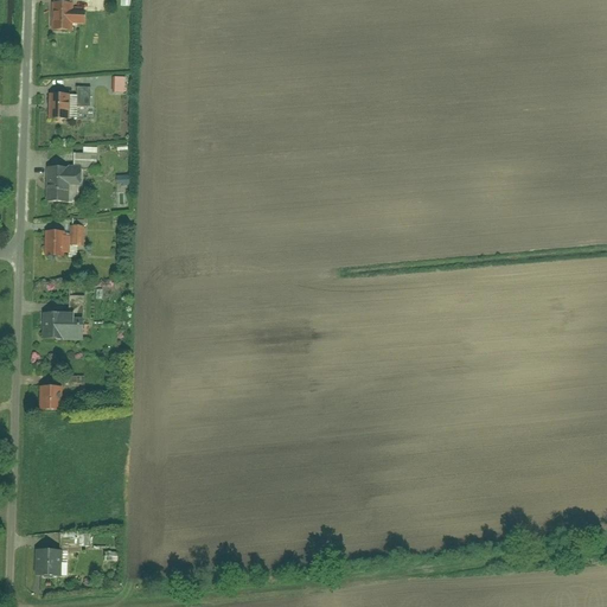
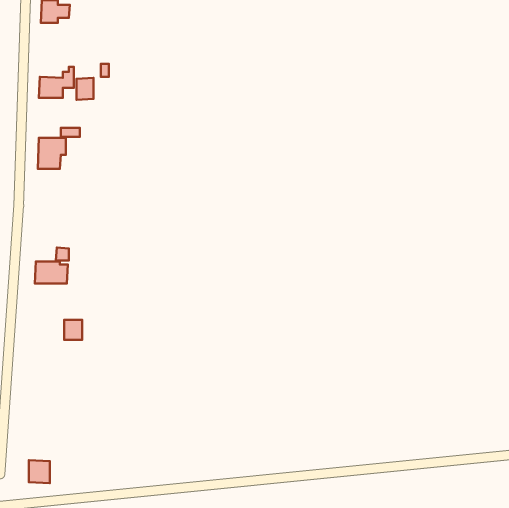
building: none -> [77,78,94,100]
building: [44,225,83,255] -> none
building: [39,384,60,408] -> [64,320,82,340]

